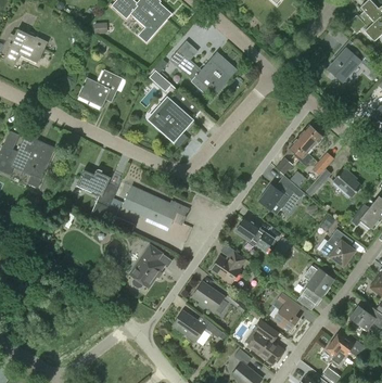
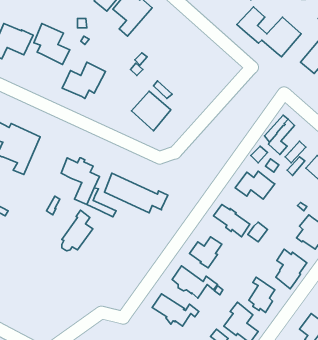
building: none -> [34,24,70,65]
building: [169,41,237,93] -> [237,7,301,57]
building: [132,245,165,288] -> [62,210,93,251]

